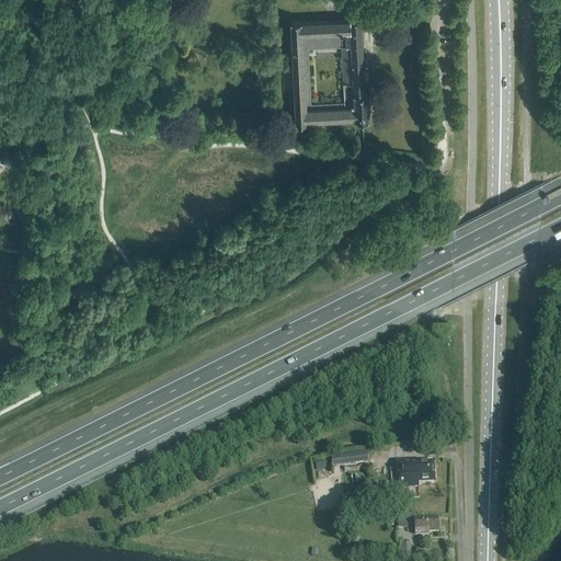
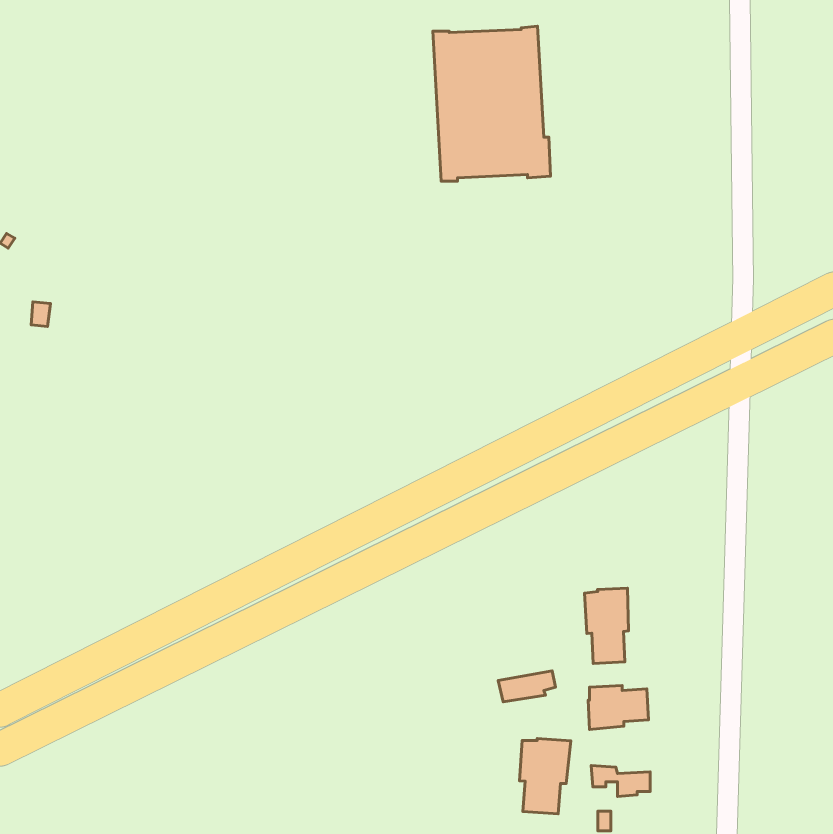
building: none -> [585,588,628,664]
building: none -> [520,739,571,814]

